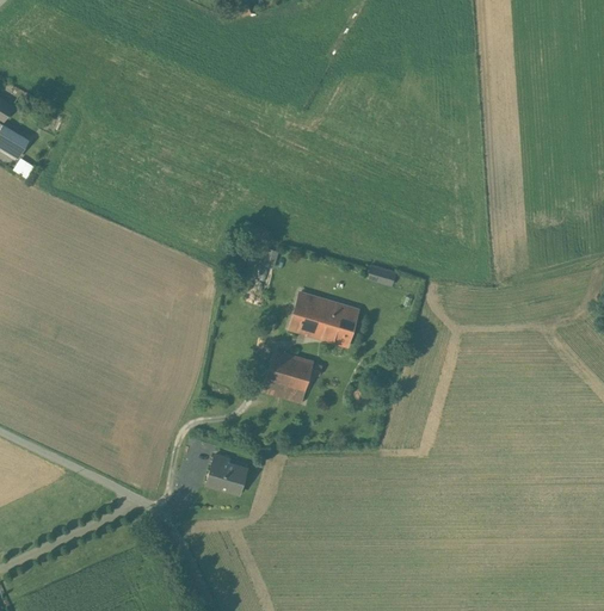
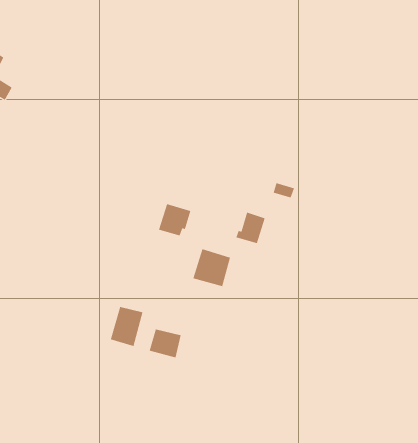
building: [290,294,333,337] -> [158,203,191,236]
building: none -> [110,306,143,347]

